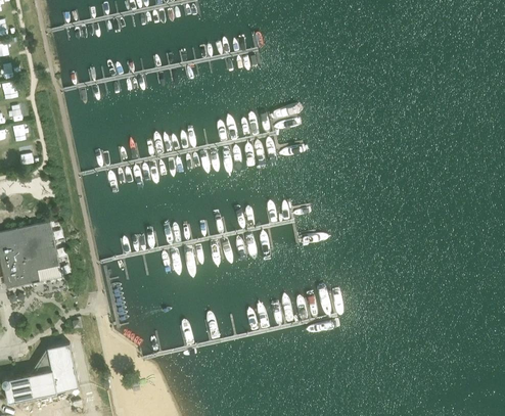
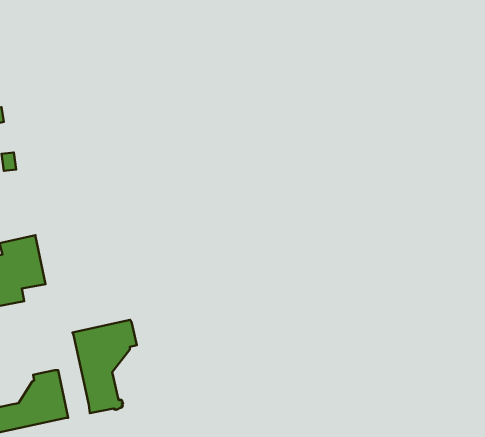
building: none -> [72,320,137,413]

